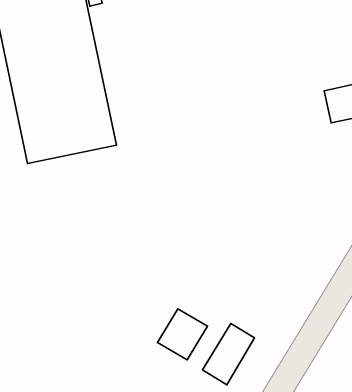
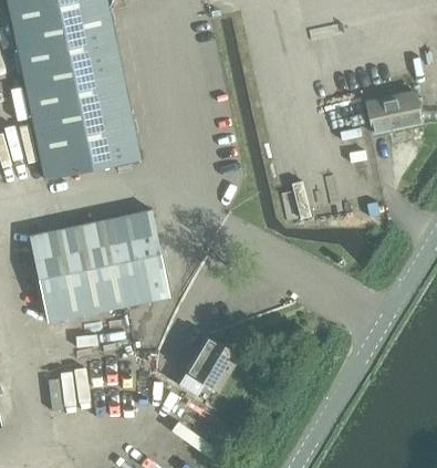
building: none -> [29,210,169,322]
building: [202,324,254,385] -> none

